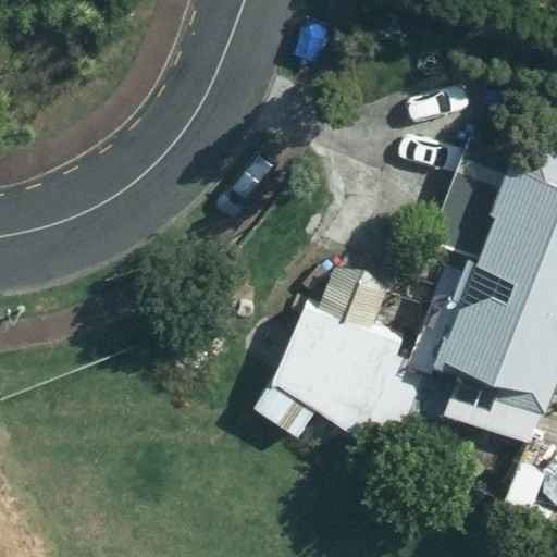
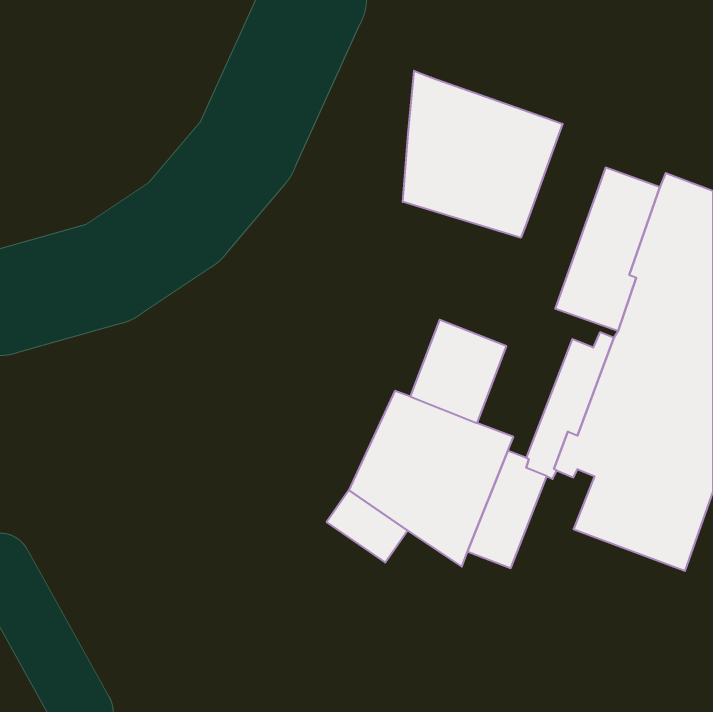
building: none -> [403,71,563,238]

